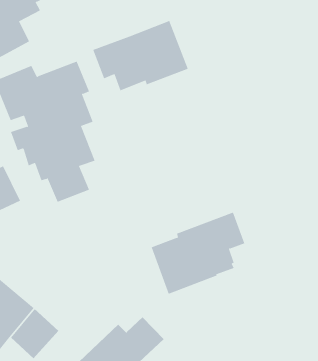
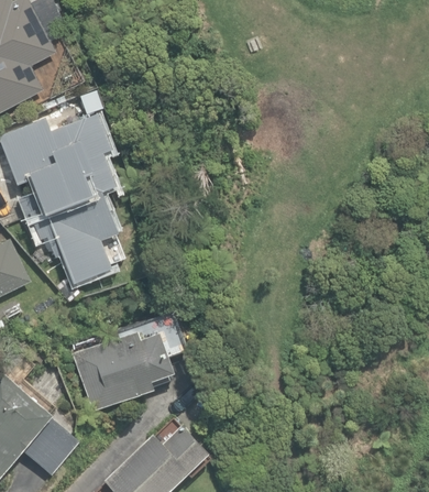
building: [93,20,188,91] -> none
building: [151,212,245,295] -> [69,309,184,409]

